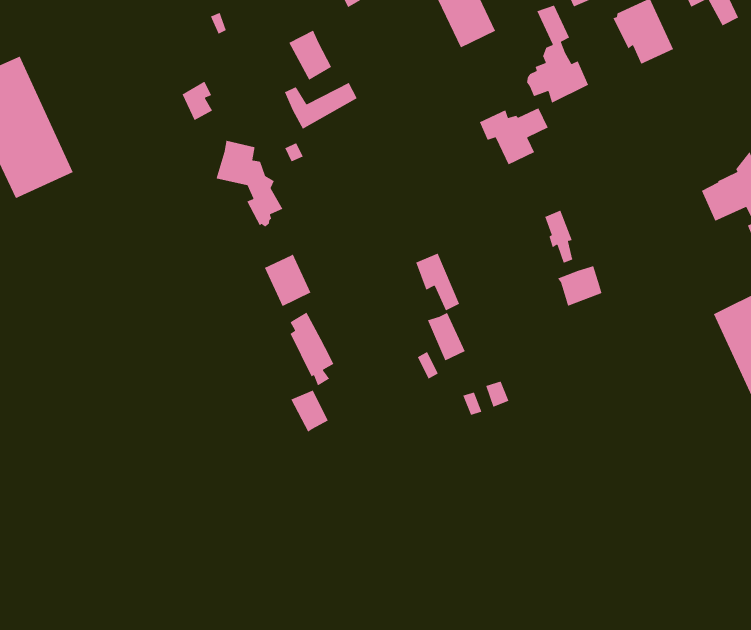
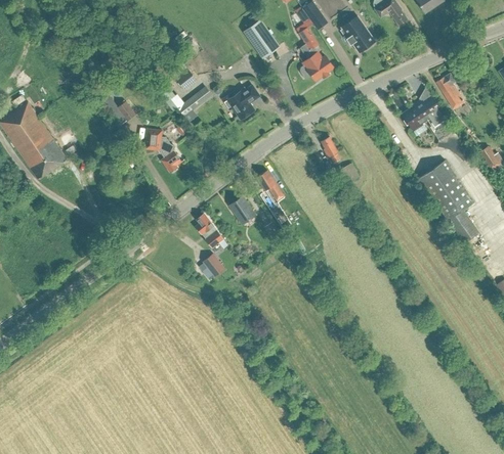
building: [479,107,549,165] -> [222,85,260,119]
building: [264,253,311,307] -> [228,195,256,225]

